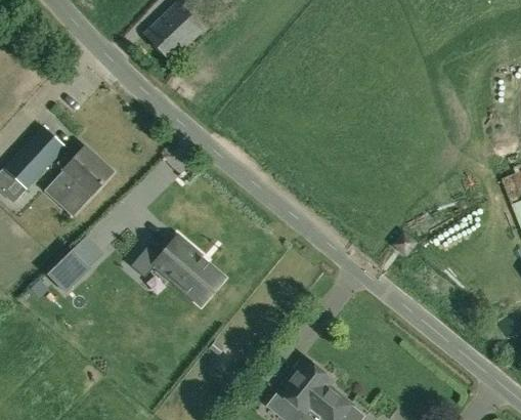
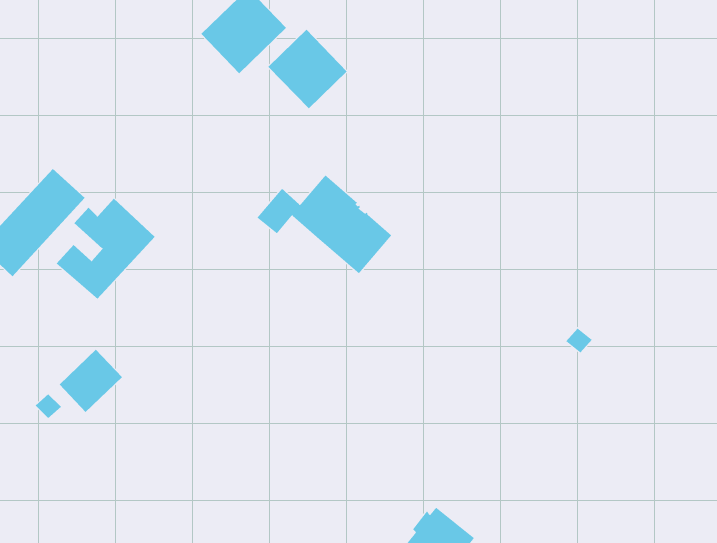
building: none -> [268,29,348,109]
building: [131,237,224,305] -> [256,174,392,274]

